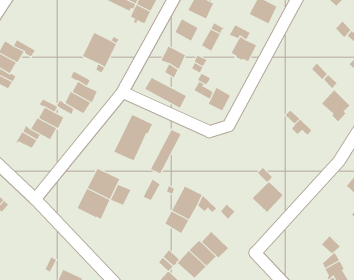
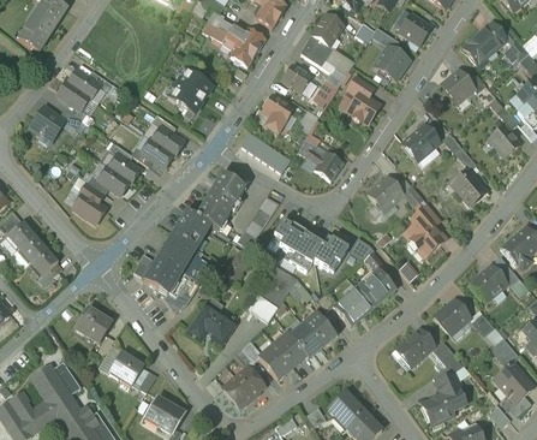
building: none -> [440,70,475,103]
building: none -> [401,123,440,161]
building: none -> [366,176,404,213]
building: none -> [406,218,443,256]
building: none -> [72,194,106,224]
building: none -> [273,218,346,269]
building: none -> [173,210,209,248]
building: none -> [434,298,471,334]
building: none -> [334,290,372,326]
building: none -> [303,313,335,346]
building: none -> [187,307,233,343]
building: none -> [396,328,435,365]
building: none -> [74,308,112,341]

